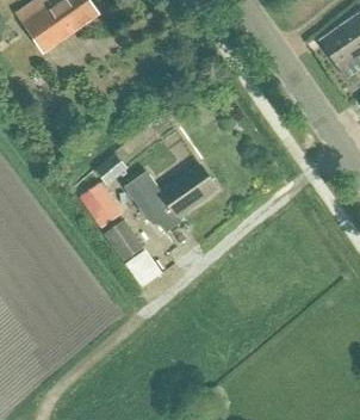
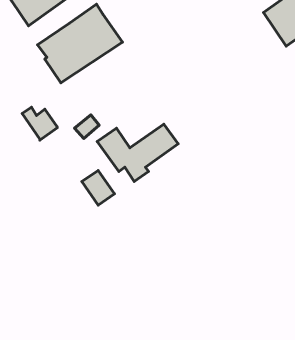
building: none -> [38,4,123,83]
building: [80,191,120,229] -> [22,107,57,140]

